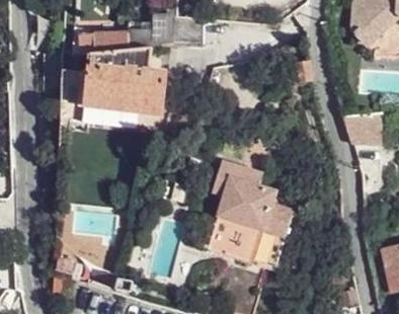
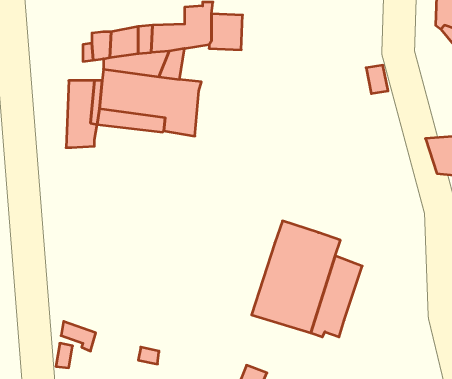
building: [212,163,263,199] -> none

